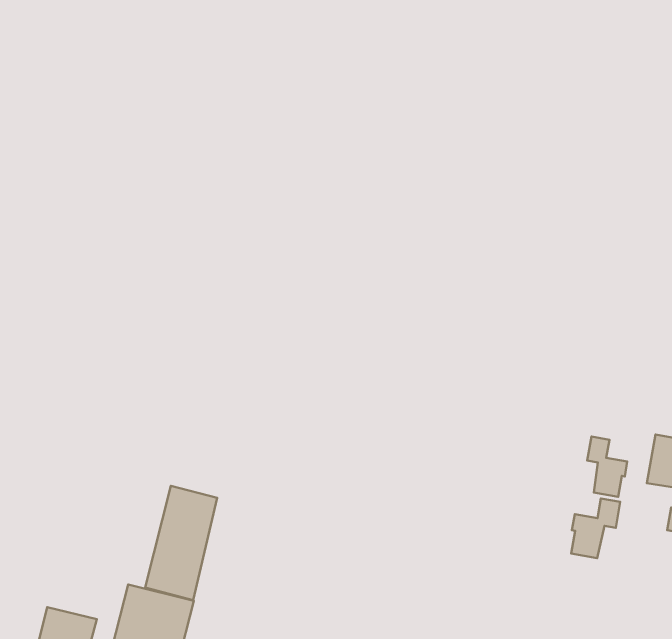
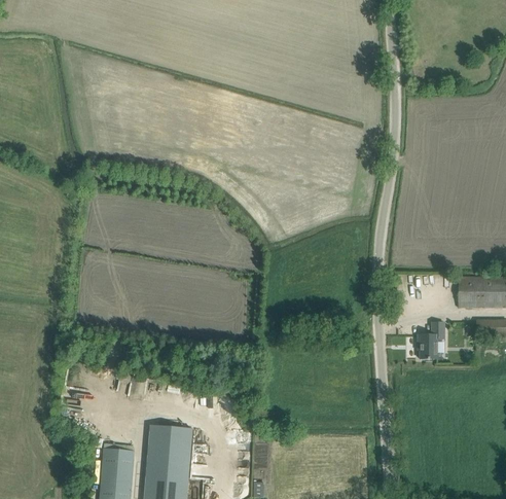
building: [587,437,627,497] -> none
building: [145,486,217,600] -> none

